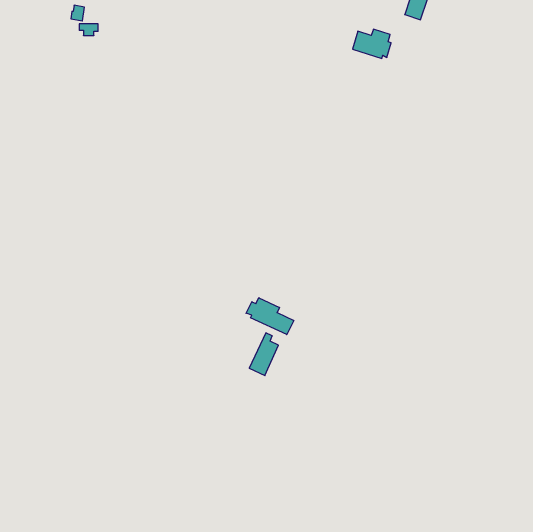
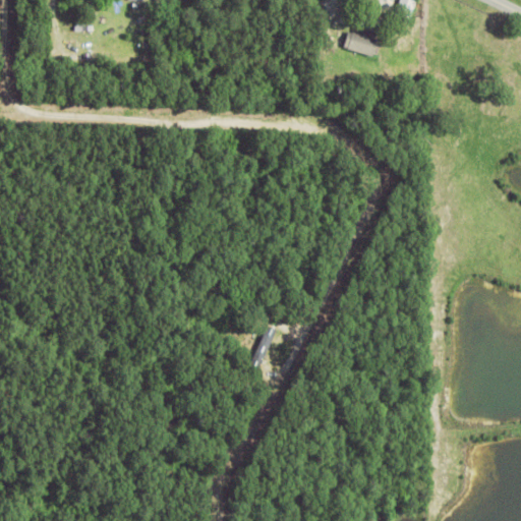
building: [246,298,294,335] -> none

